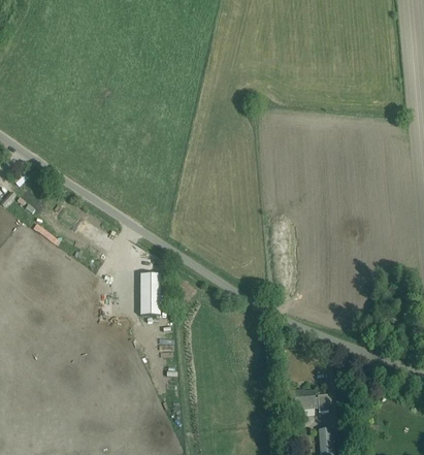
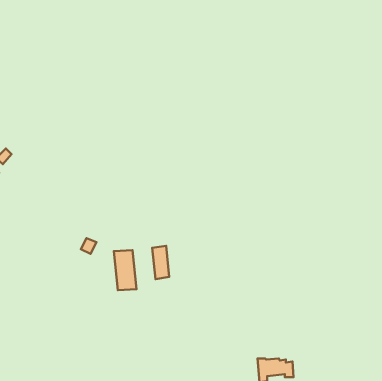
building: none -> [152,246,169,279]

